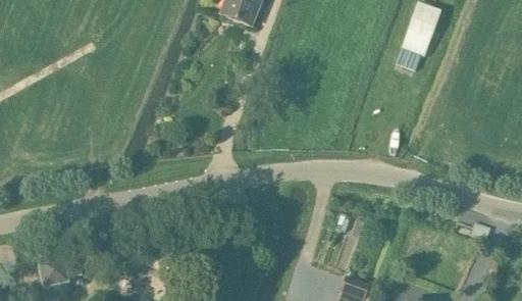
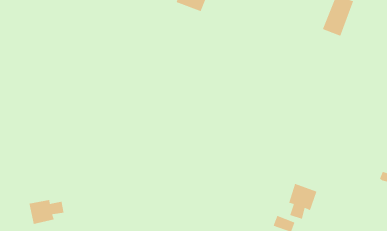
building: none -> [288,183,318,220]

